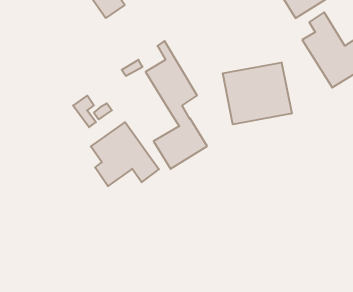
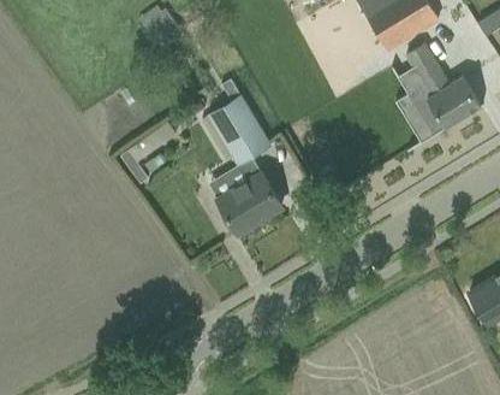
building: [223,62,292,124] -> none
building: [91,122,159,186] -> none

